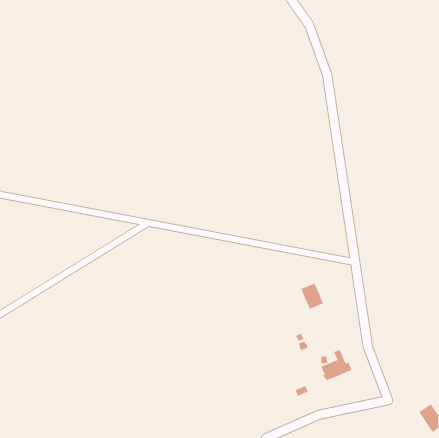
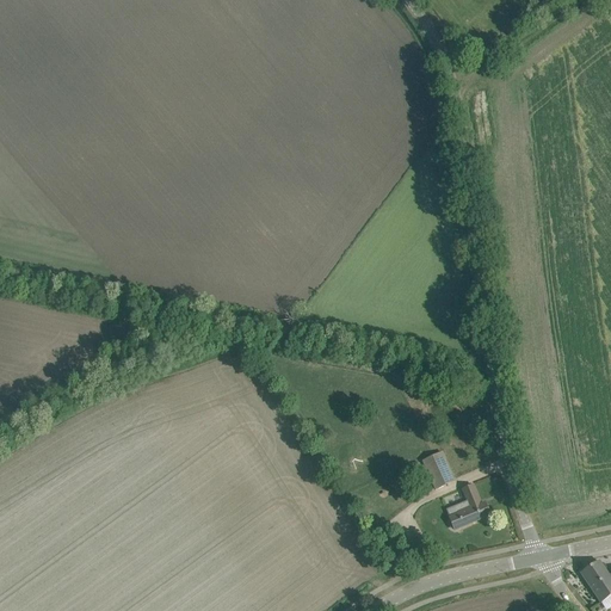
building: [301,283,324,309] -> [422,451,455,488]

